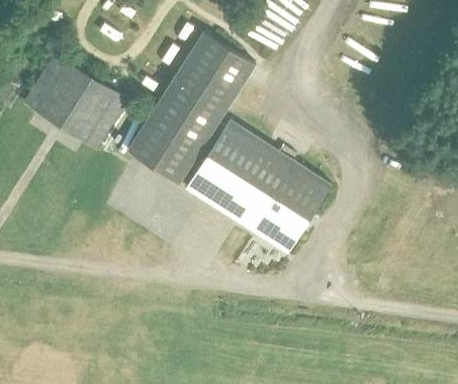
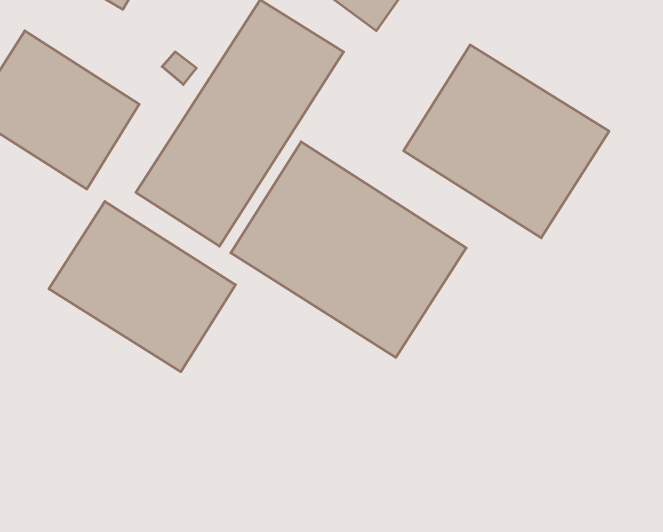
building: none -> [404,45,609,238]
building: none -> [49,201,236,372]

